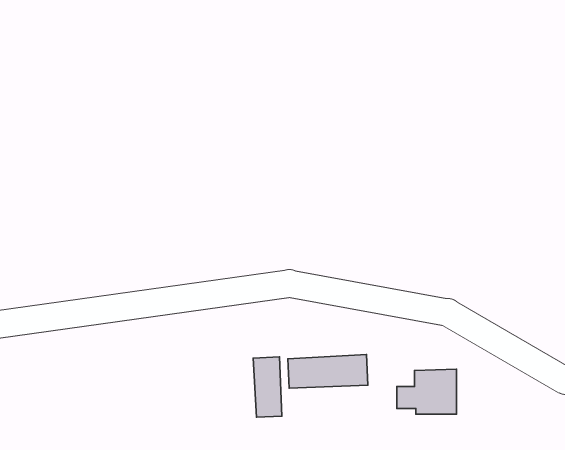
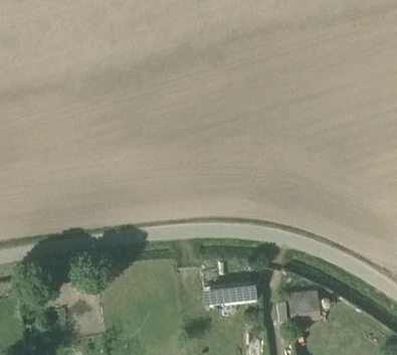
building: [253,357,282,417] -> none

